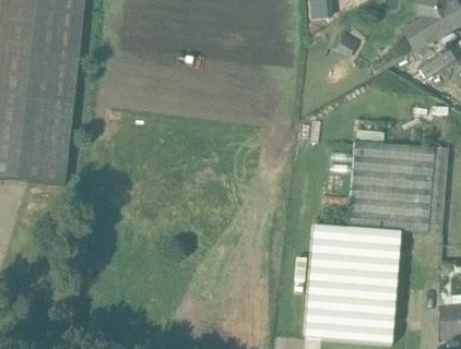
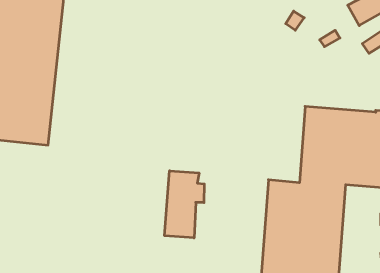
building: none -> [165,171,204,238]

